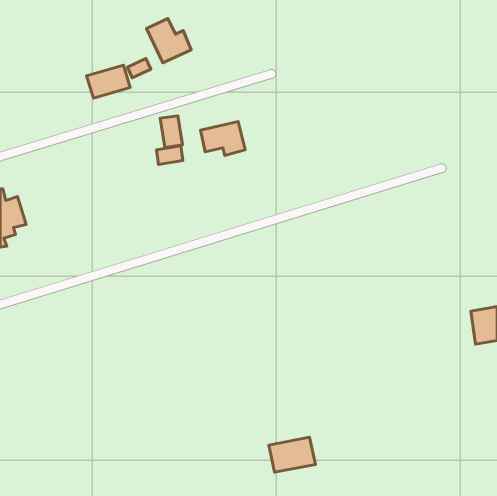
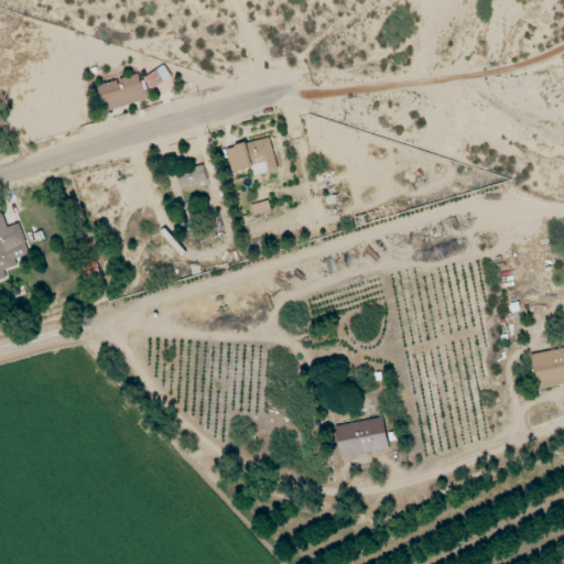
building: [146,18,191,63] -> none
building: [160,116,182,148] -> none
building: [269,437,315,472] -> [330,414,383,454]

